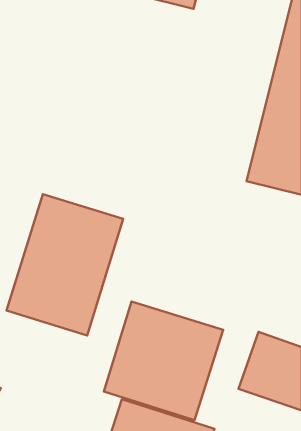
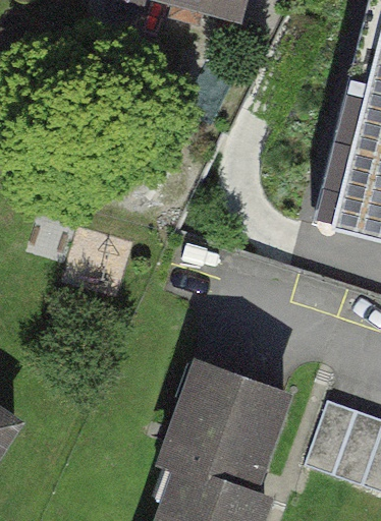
building: [6,194,123,336] -> none

